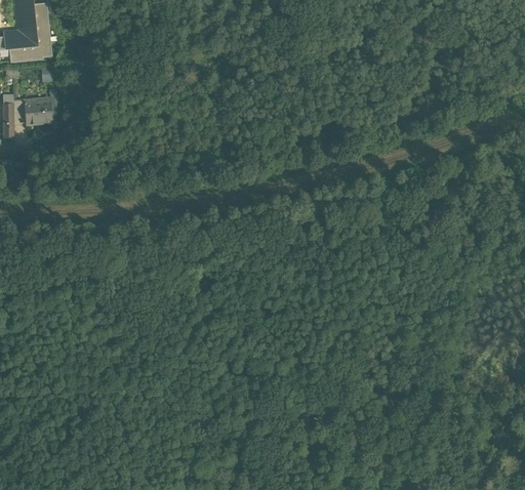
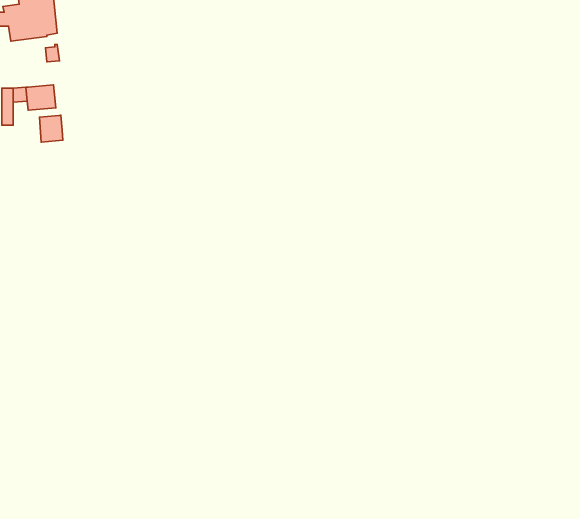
building: none -> [40,115,63,142]

